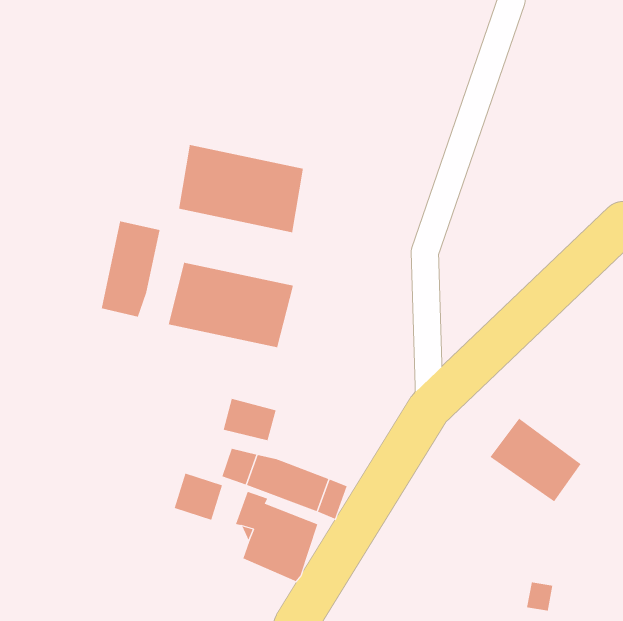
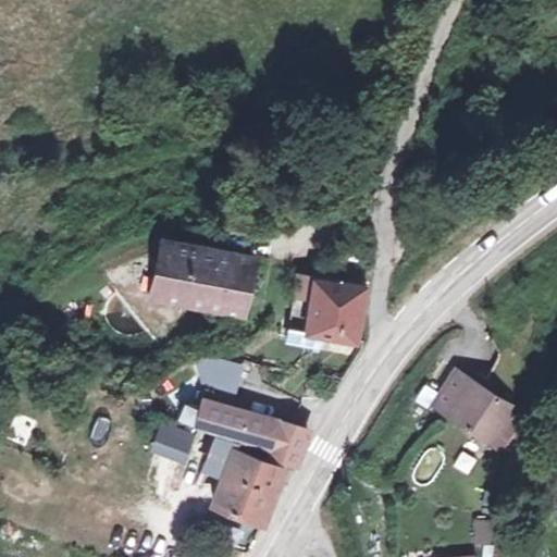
building: [178,144,303,233] -> none
building: [101,221,160,317] -> none
building: none -> [289,274,372,342]

